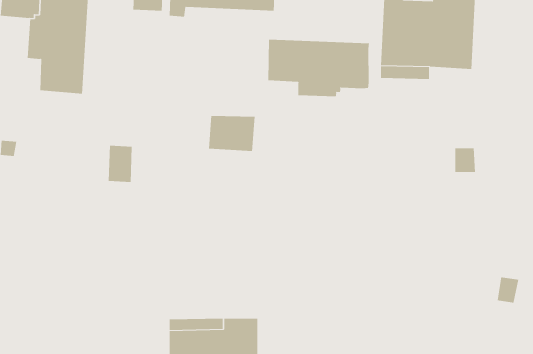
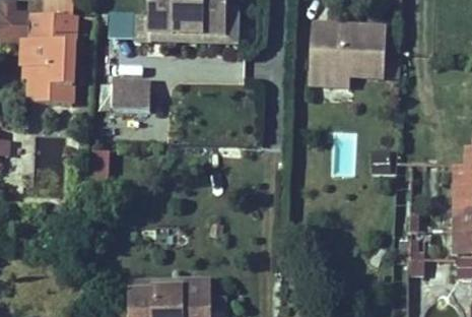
building: [268,39,370,97] -> none
building: [208,115,255,151] -> [117,82,155,112]

